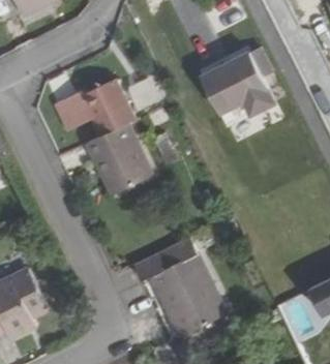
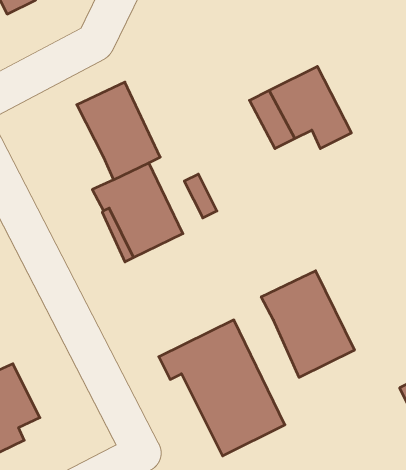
building: [48,79,93,132] -> none
building: none -> [261,271,354,377]

